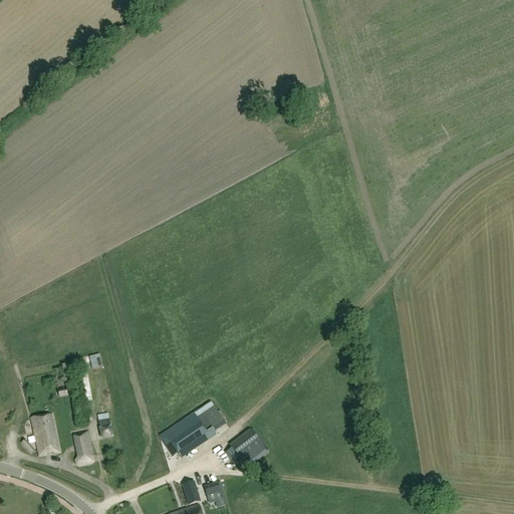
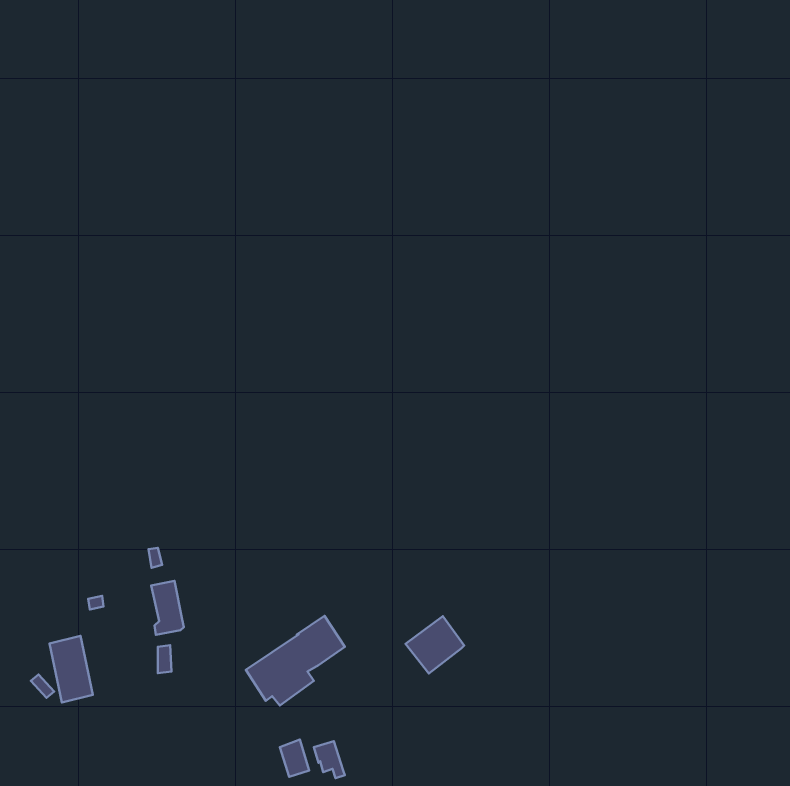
building: [229,427,267,464] -> [406,616,464,673]
building: [73,430,94,465] -> [151,581,184,635]

